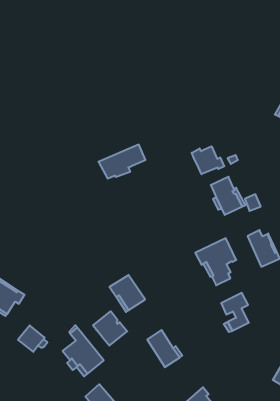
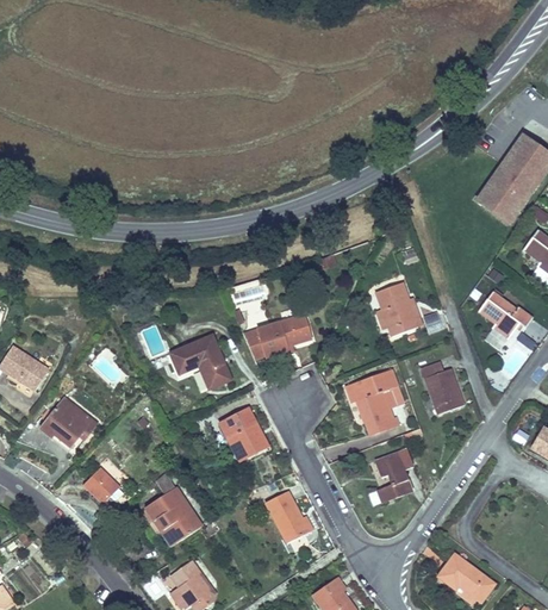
building: [98,145,145,179] -> [244,315,311,359]
building: [192,146,224,174] -> none
building: none -> [170,334,231,387]
building: [93,311,127,346] -> none

